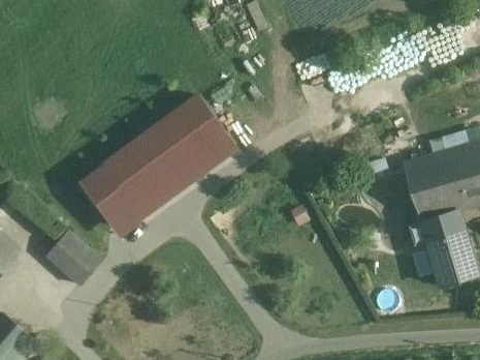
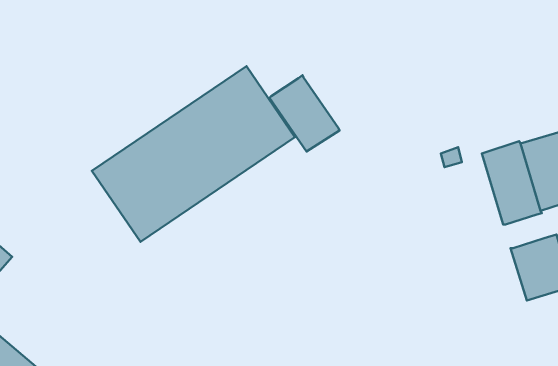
building: none -> [270,75,339,152]
building: [421,213,453,241] -> none
building: [42,230,97,283] -> none

